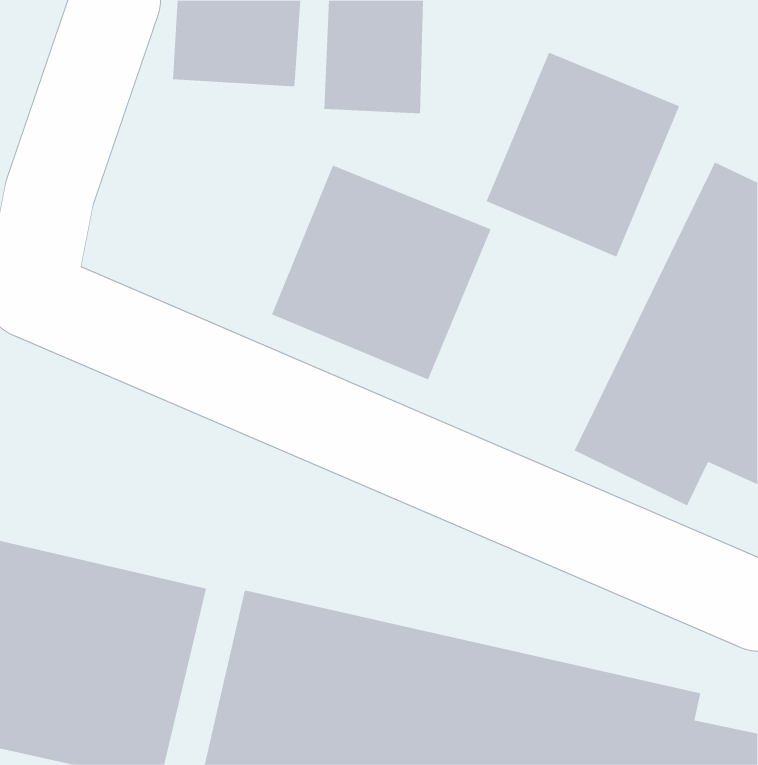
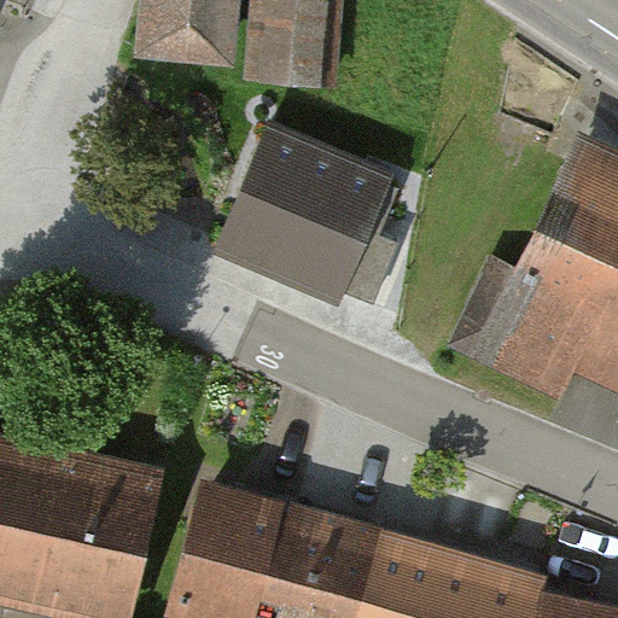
building: [486,52,680,258] -> none

